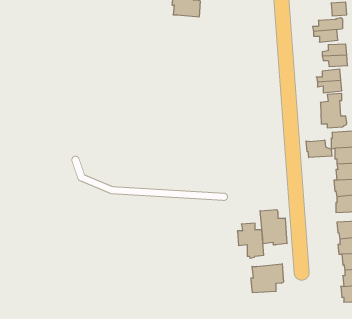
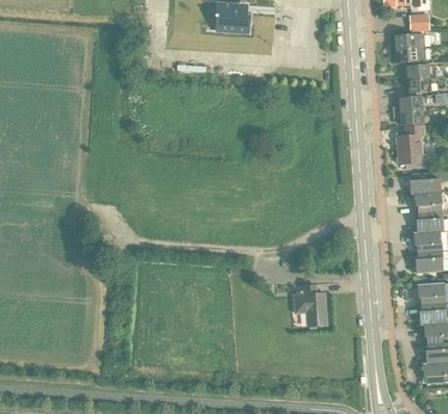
building: [306,140,332,158] -> none
building: [260,210,287,245] -> none
building: [251,264,284,293] -> none

